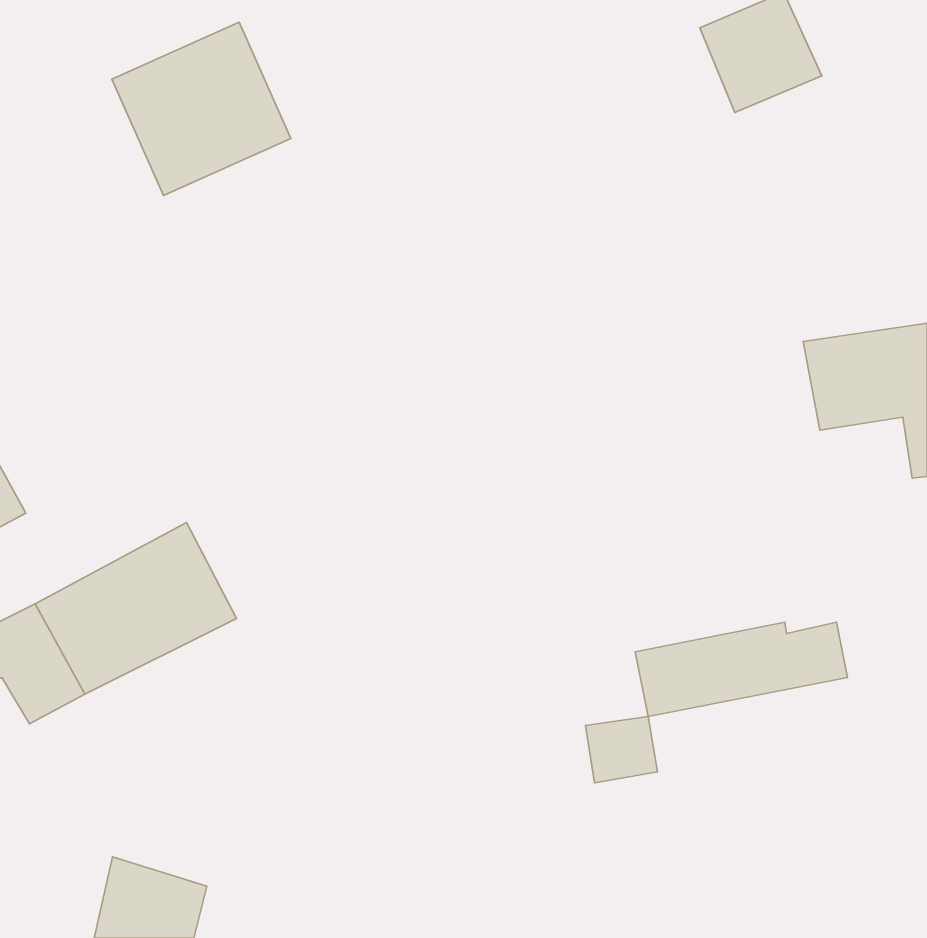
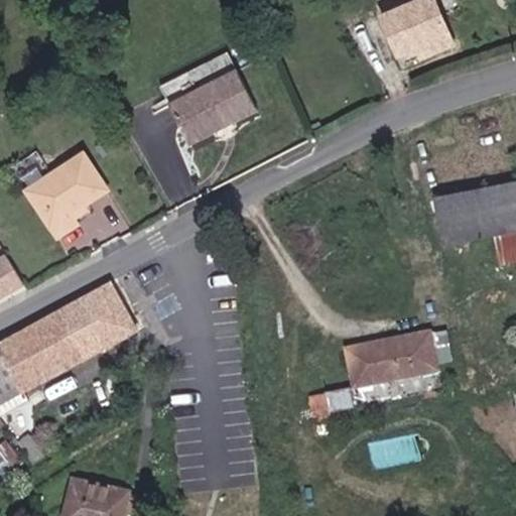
building: [112,22,291,196] -> [161,51,259,146]
building: none -> [27,156,107,238]

